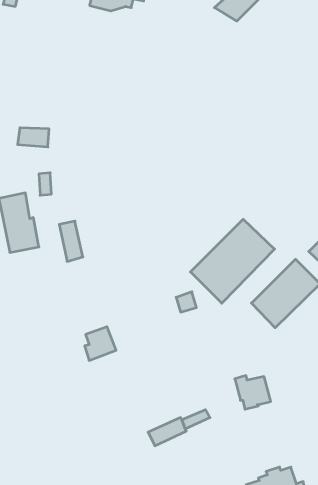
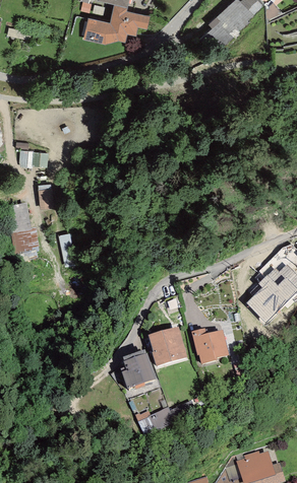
building: [190,219,275,303] -> none
building: [85,327,116,360] -> [124,357,153,388]
building: none -> [150,330,184,364]
building: [235,376,271,409] -> [193,332,226,362]

